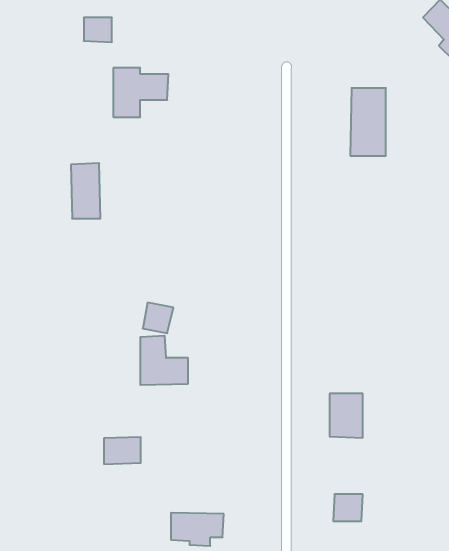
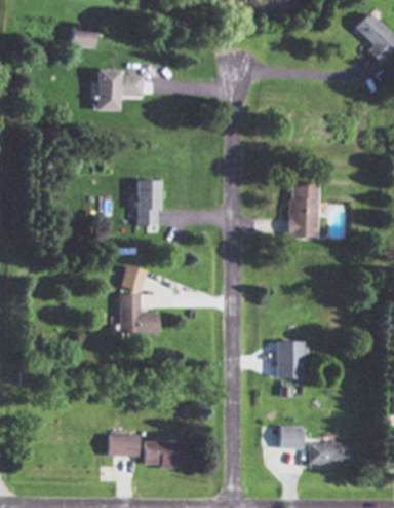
building: [350,88,386,156] -> [289,180,319,237]
building: [71,163,100,219] -> [135,179,160,225]
building: [104,437,141,464] -> [109,434,140,457]
building: none -> [309,442,356,465]

